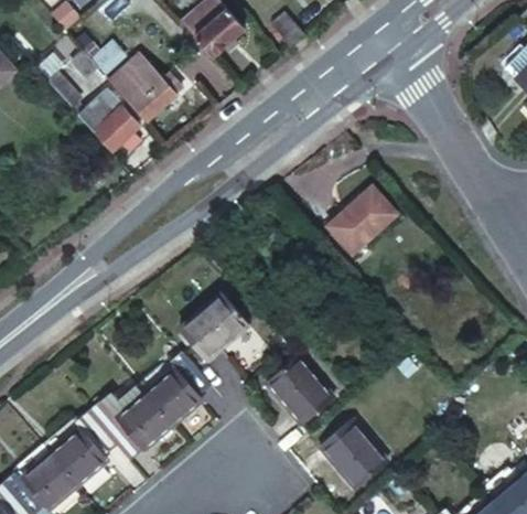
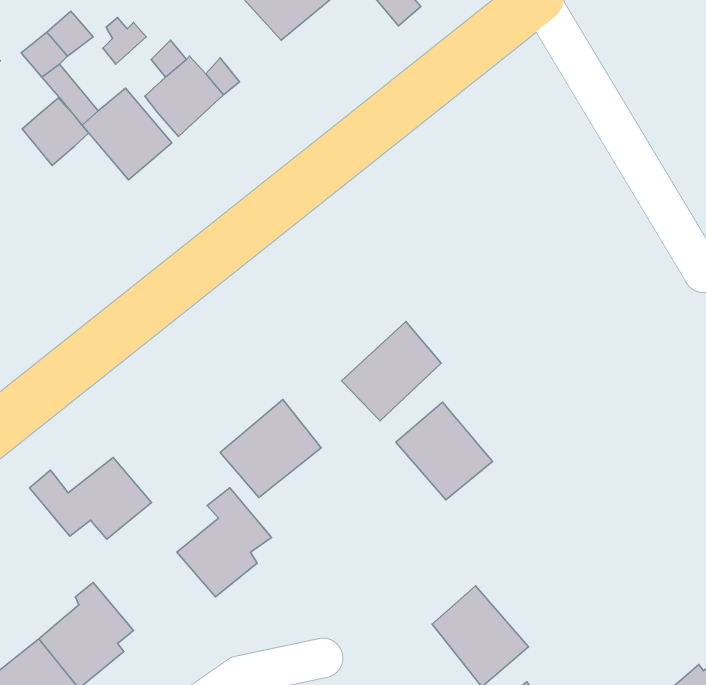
building: none -> [22,98,89,166]
building: [334,179,402,247] -> [342,321,441,421]
building: [259,364,325,431] -> [396,402,492,500]
building: [83,401,166,458] -> [30,457,152,539]

